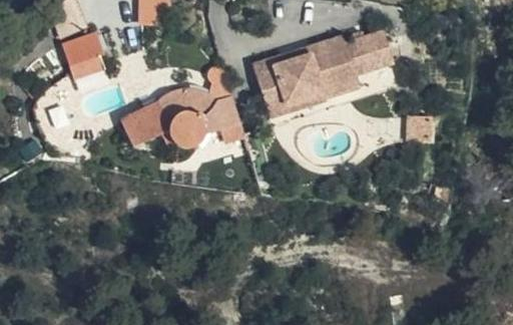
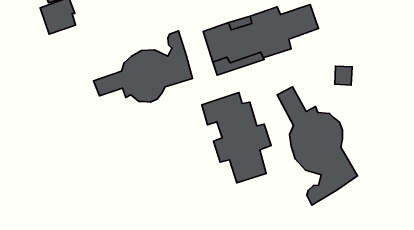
building: none -> [277,87,357,205]
building: none -> [202,93,271,183]

